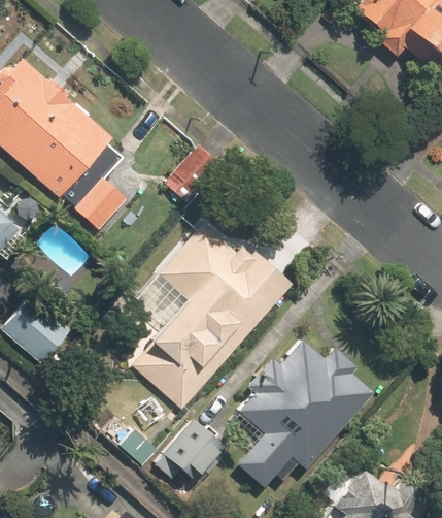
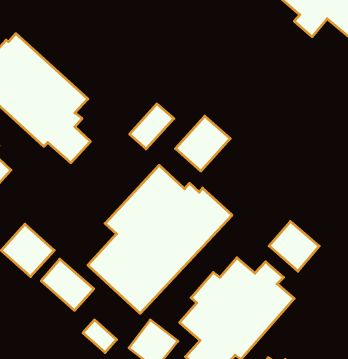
building: none -> [175,116,230,171]
building: none -> [269,221,319,271]
building: none -> [41,259,94,310]

